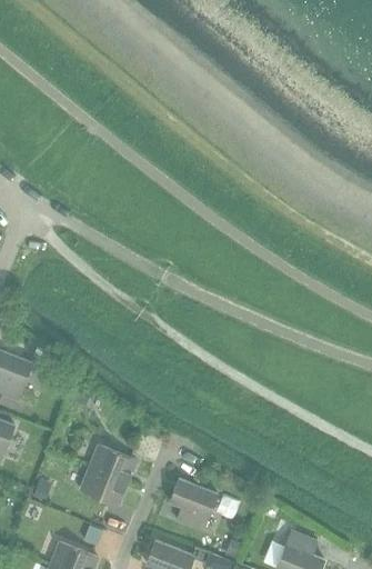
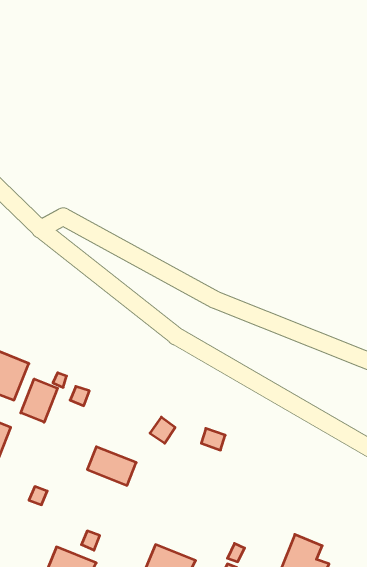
building: none -> [21,379,58,422]
building: [80,467,128,505] -> none
building: [170,478,218,530] -> none

